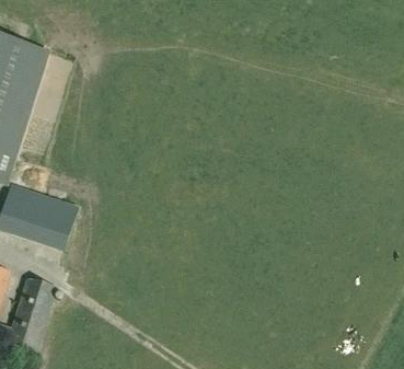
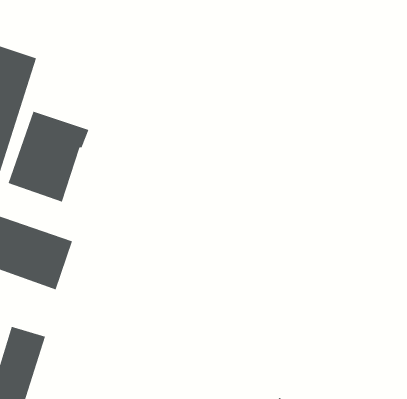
building: none -> [8,111,89,202]

